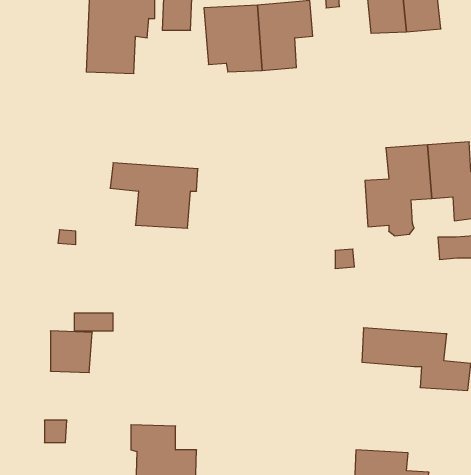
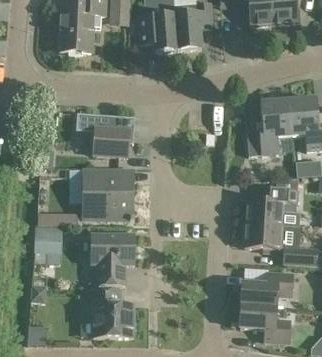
building: none -> [81,167,134,219]
building: none -> [245,188,301,226]
building: none -> [91,234,133,284]
building: none -> [240,271,292,306]

